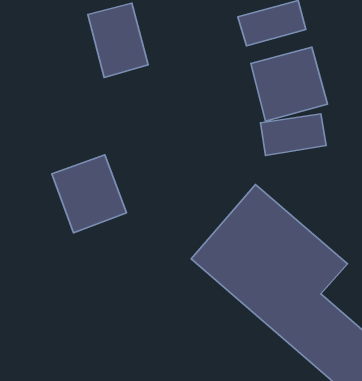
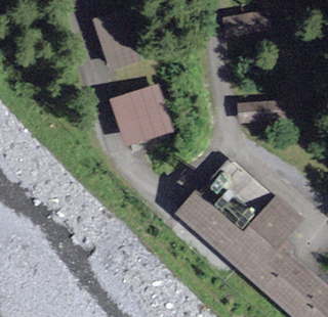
building: [251,47,327,121] -> none
building: [52,155,126,233] -> [109,84,169,147]

